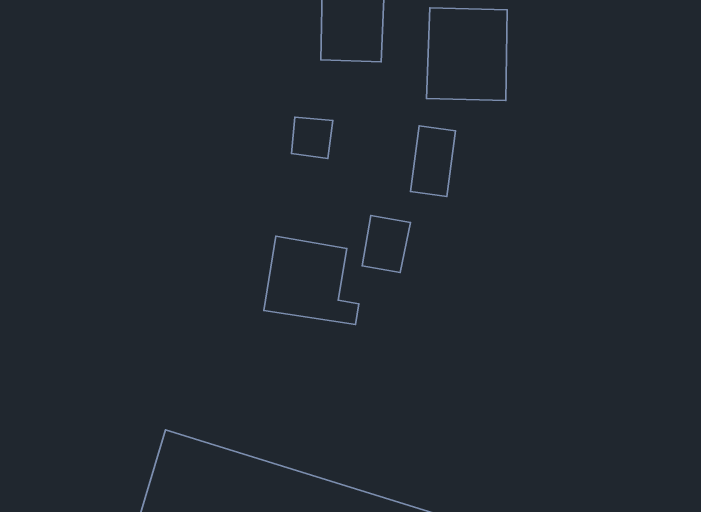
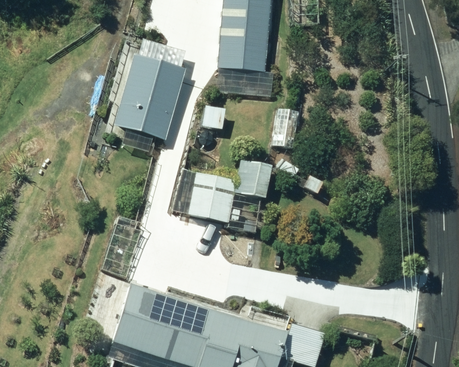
building: [427,8,507,101] -> none
building: none -> [113,55,186,142]

